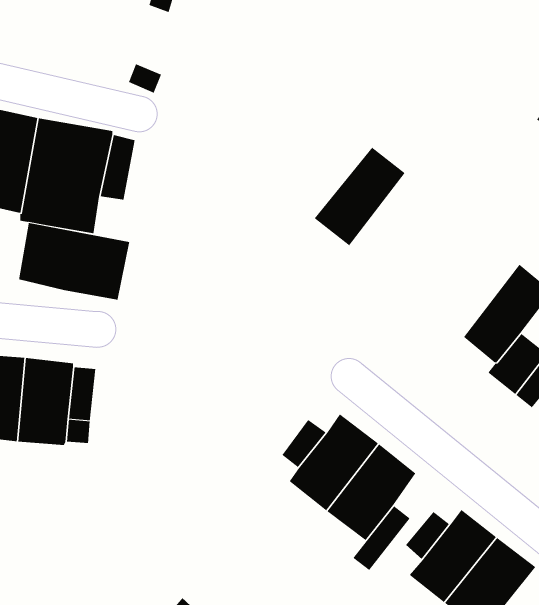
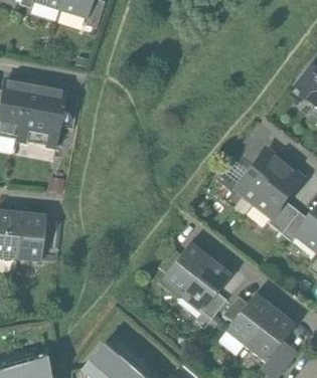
building: [314,147,405,246] -> [235,149,285,202]
building: [18,222,130,300] -> none

